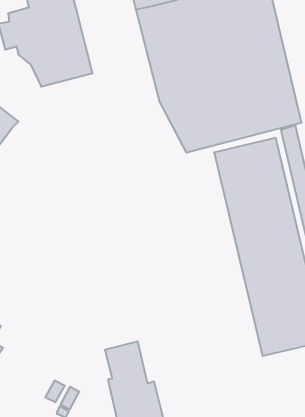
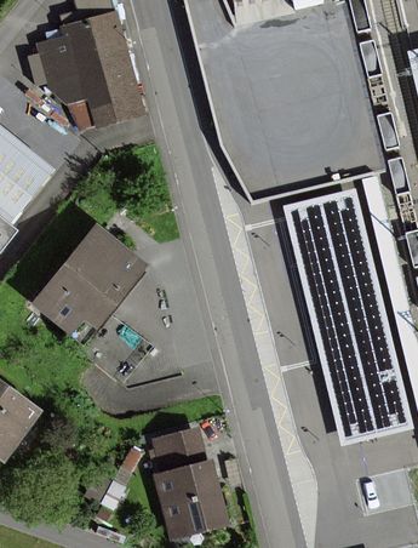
building: none -> [40,229,139,335]

